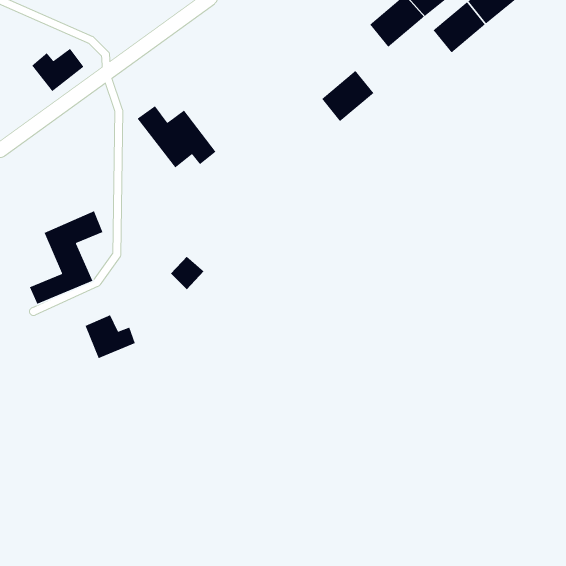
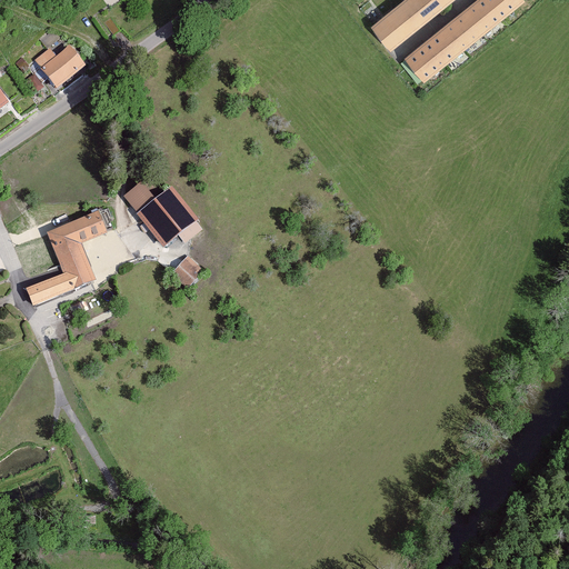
building: [321,70,374,122] -> [400,30,453,82]
building: [136,105,216,168] -> [124,182,204,246]
building: [84,314,136,359] -> none

